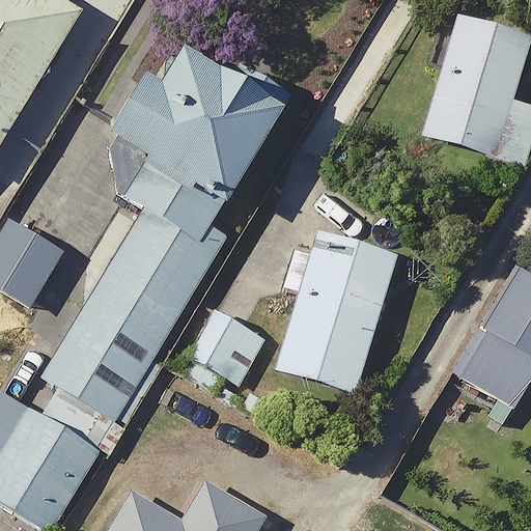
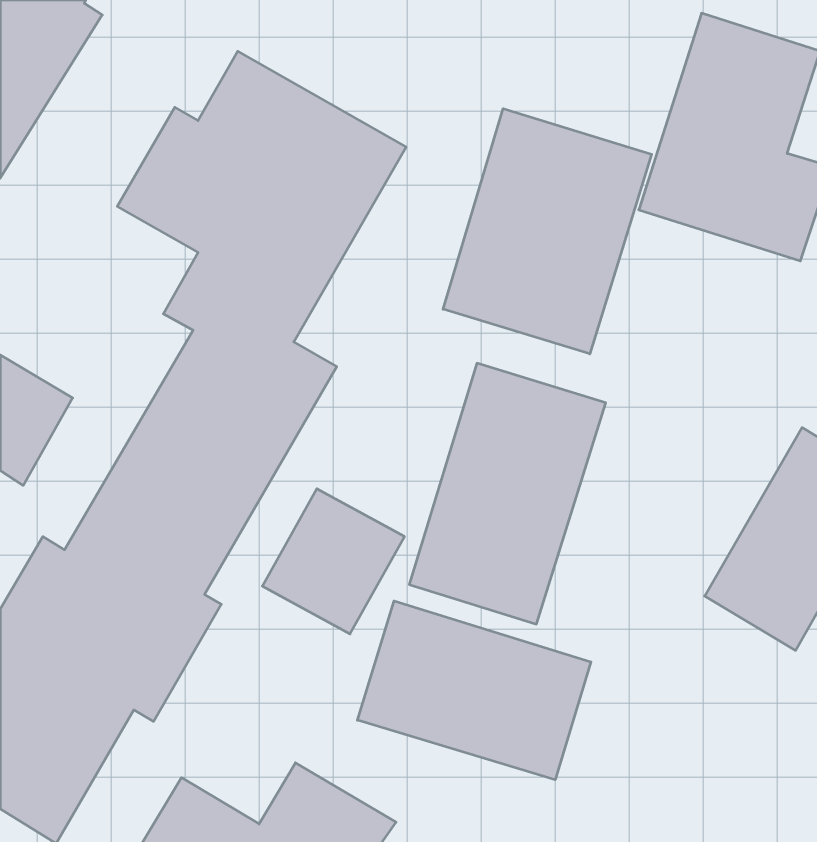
building: none -> [443,109,652,354]
building: none -> [357,601,591,780]

